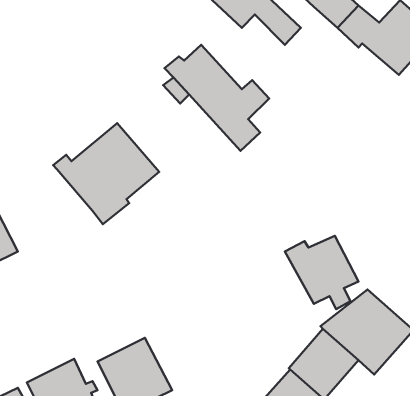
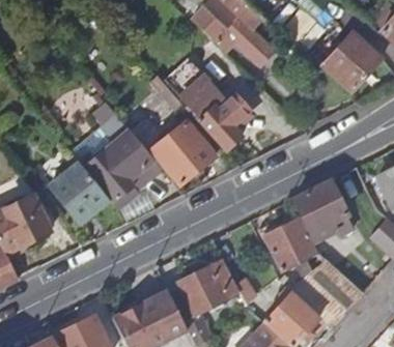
building: none -> [150,120,215,184]
building: none -> [49,162,109,222]
building: none -> [292,180,346,241]
building: none -> [179,260,240,314]
building: none -> [150,289,189,340]

